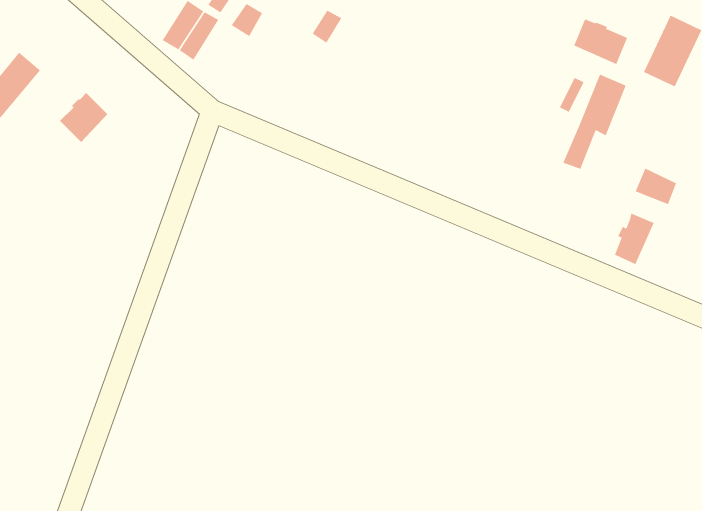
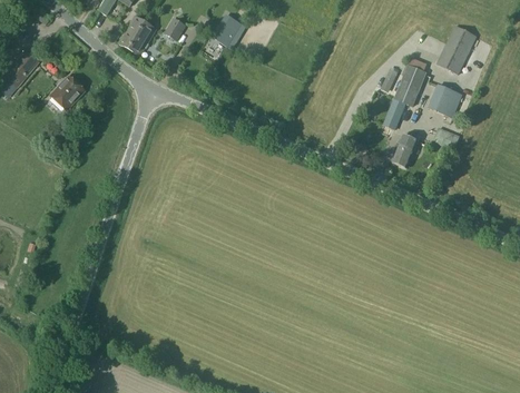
building: [573,18,628,65] -> none
building: none -> [428,83,462,118]
building: [614,213,654,265] -> [392,134,419,168]

